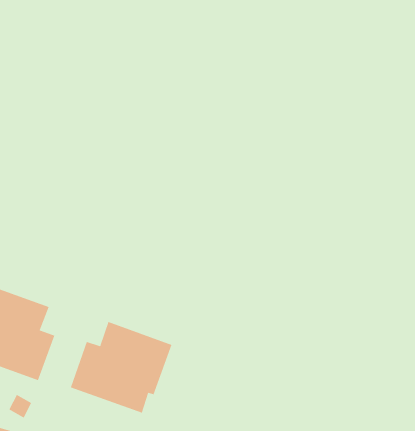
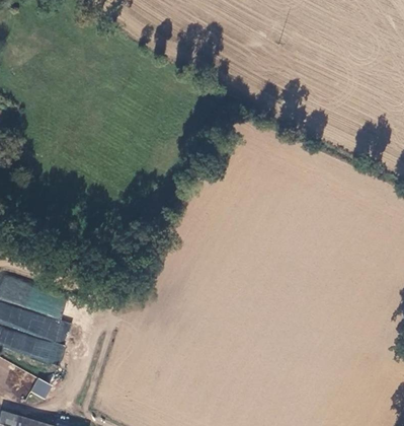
building: [70,321,172,414] -> none

